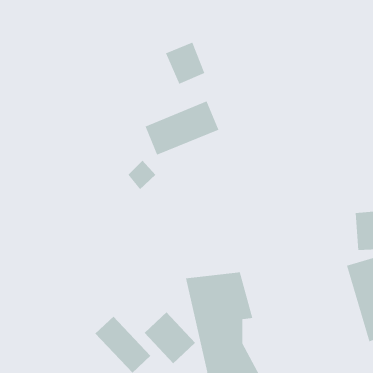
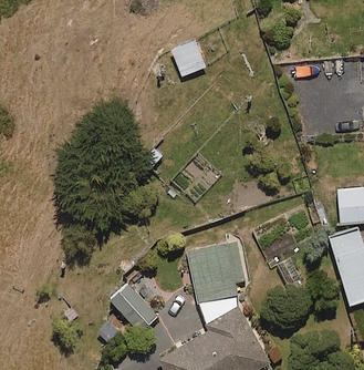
building: [145,101,219,156] -> none
building: [144,312,196,364] -> none

